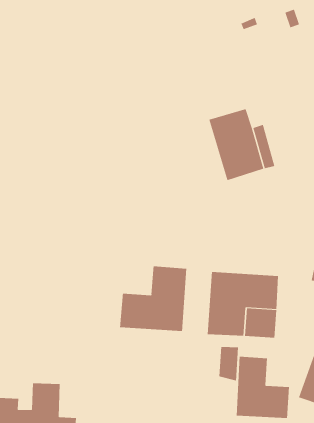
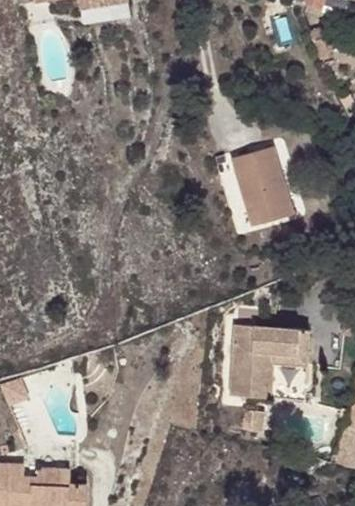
building: [119,266,187,332] -> none
building: [236,356,289,419] -> none

